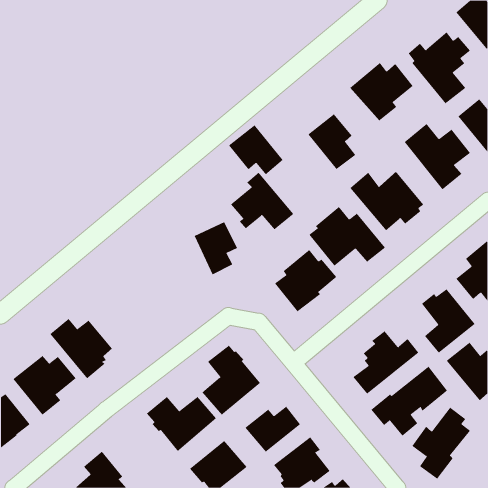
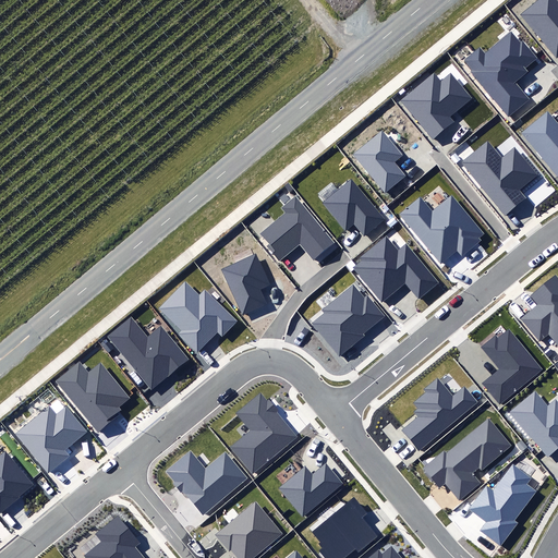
building: [228,124,284,175] -> [322,179,385,236]
building: none -> [160,280,240,351]
building: none -> [107,316,189,390]

